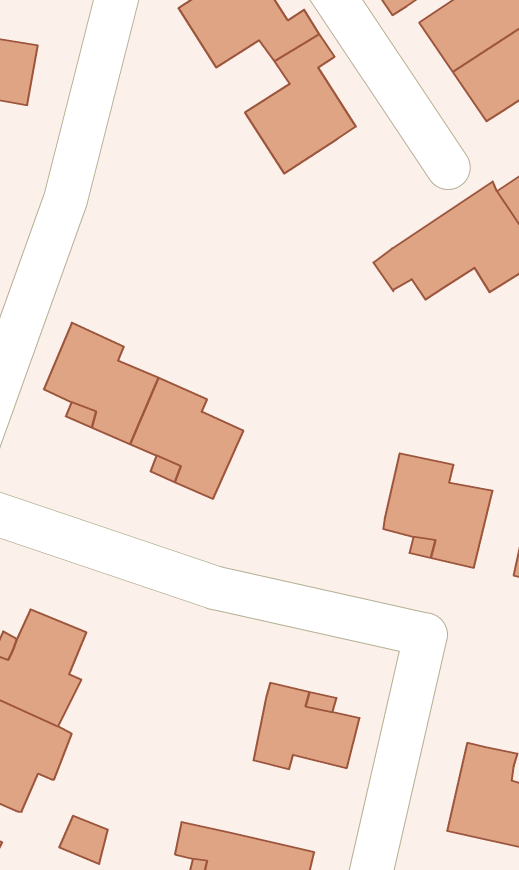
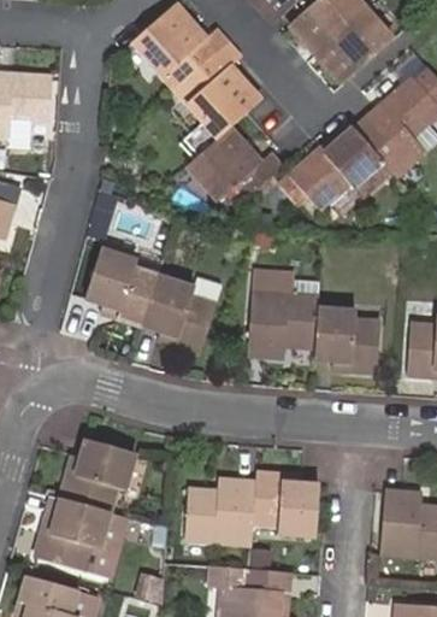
building: none -> [161,51,211,99]
building: none -> [187,107,282,196]
building: none -> [243,269,317,358]
building: none -> [183,474,253,539]

